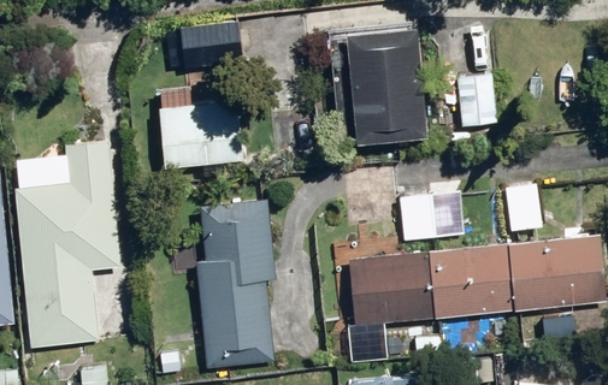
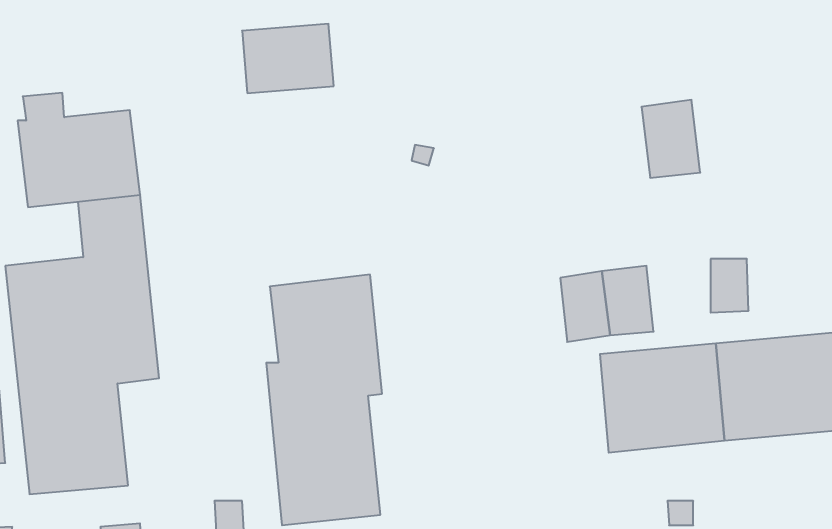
building: [346,25,426,143] -> none
building: [157,88,242,167] -> [18,93,140,207]
building: [348,251,433,327] -> none

